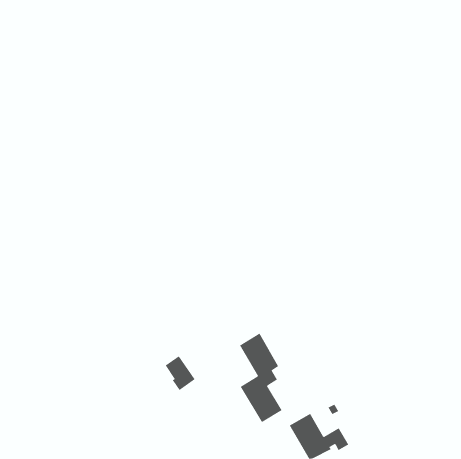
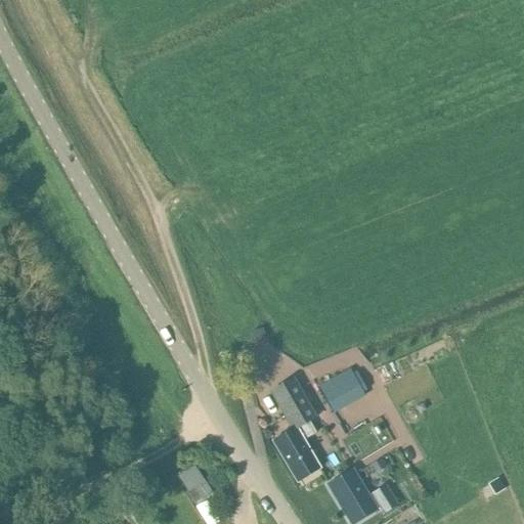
building: none -> [319,356,363,411]
building: [165,356,195,391] -> [179,465,214,505]

